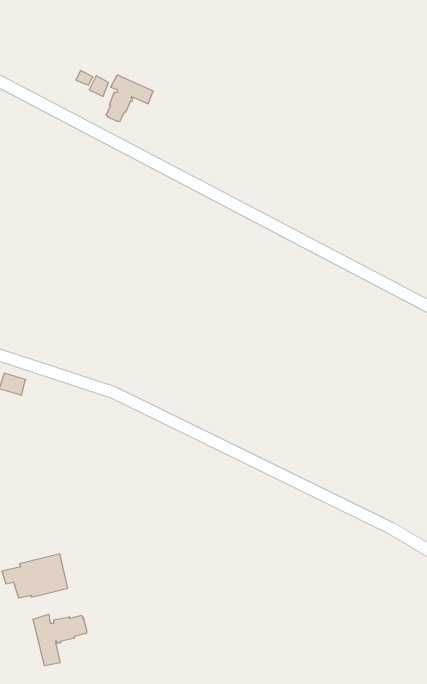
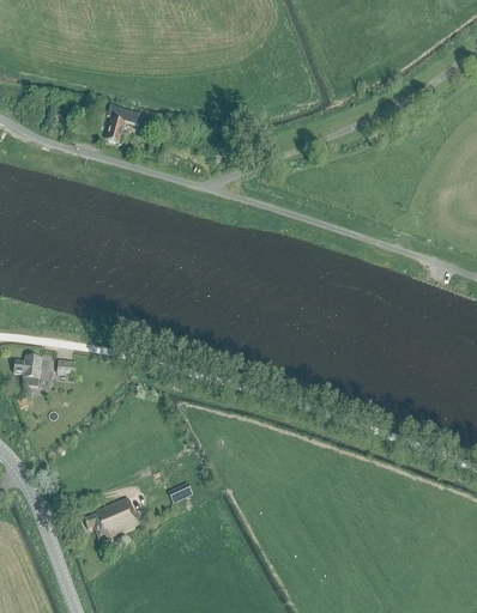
building: [33,614,86,666] -> none

